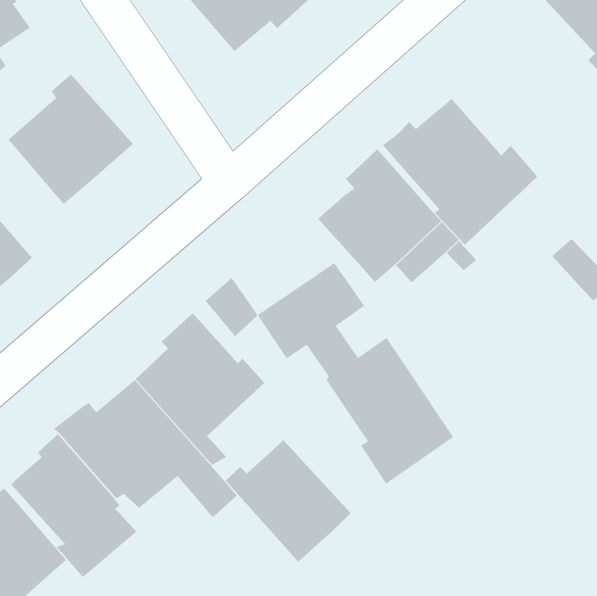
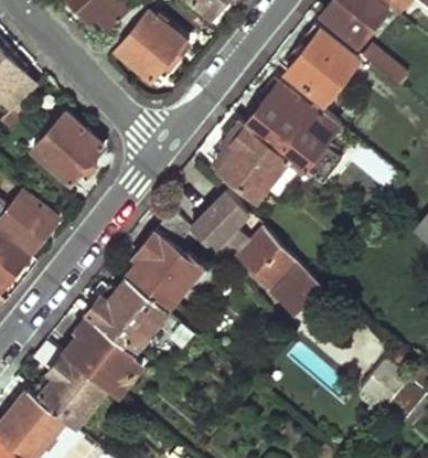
building: none -> [287,28,356,98]
building: [225,439,351,563] -> none

